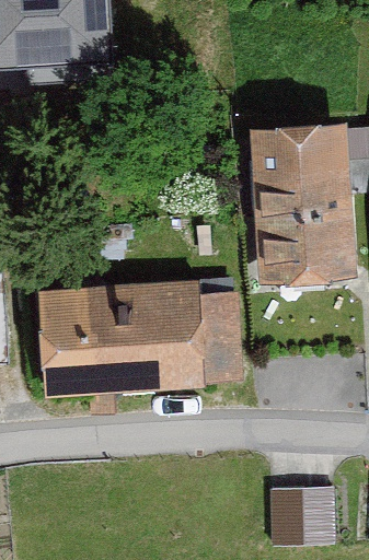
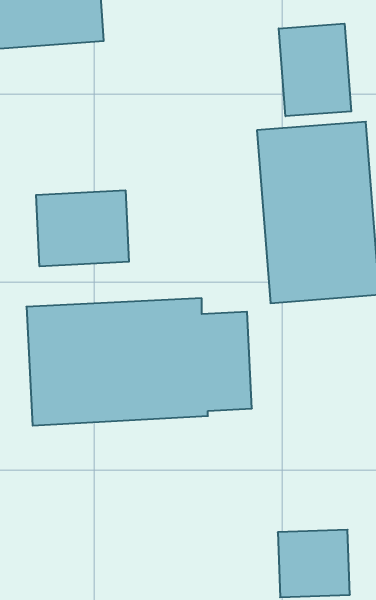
building: none -> [279,24,351,116]
building: none -> [36,190,129,266]

